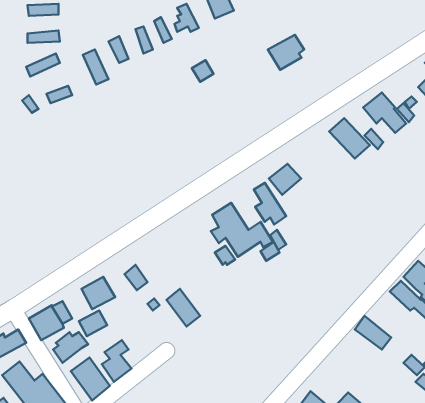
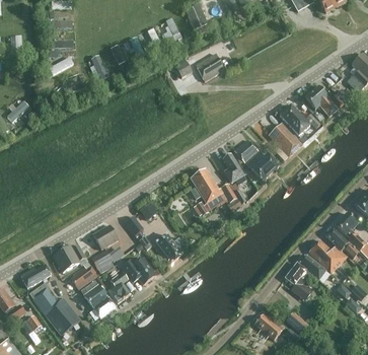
building: [268,35,304,70] -> [195,54,222,80]
building: none -> [269,122,302,155]
building: none -> [245,151,279,181]
building: none -> [308,239,346,273]
building: none -> [121,257,156,284]
building: none -> [285,263,310,299]

